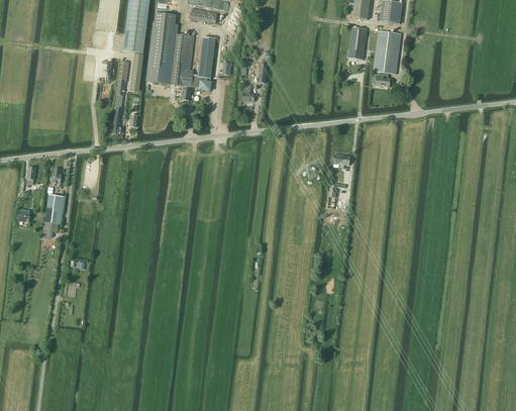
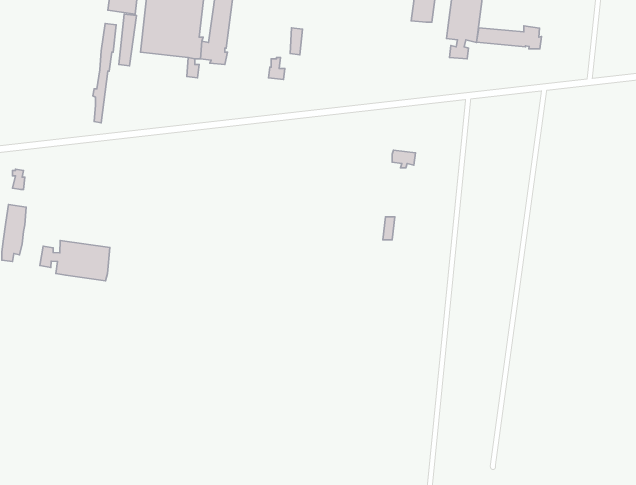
building: none -> [477,26,541,49]
building: none -> [40,240,110,281]

